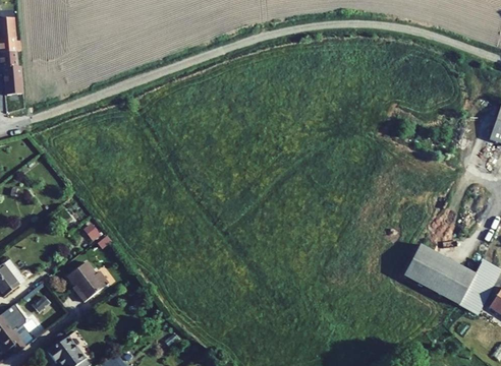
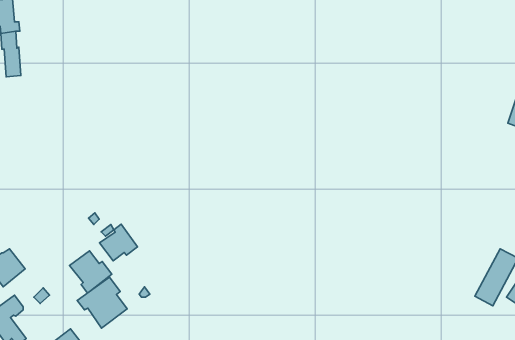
building: none -> [100,224,137,261]
building: [403,244,477,305] -> none
building: none -> [77,277,127,328]

